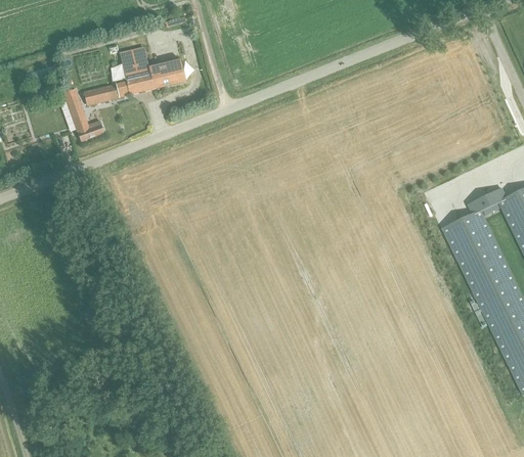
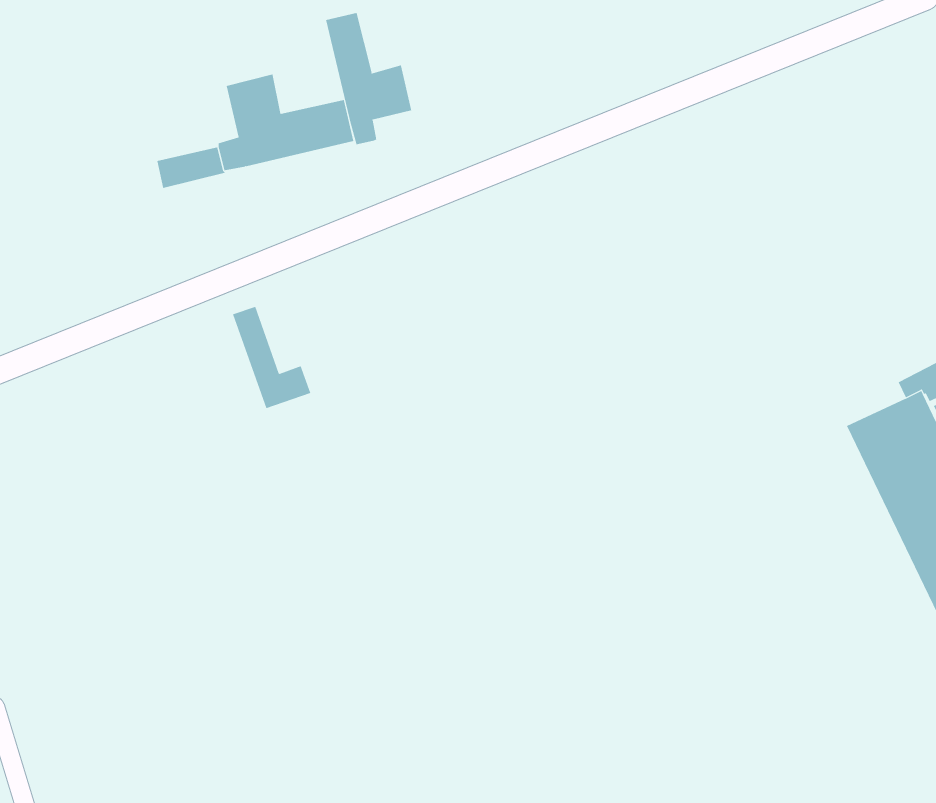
building: none -> [326,12,412,145]
building: [63,88,104,141] -> [232,306,311,409]

